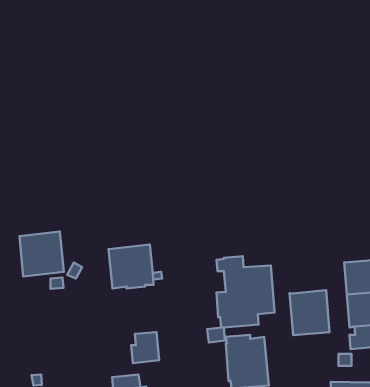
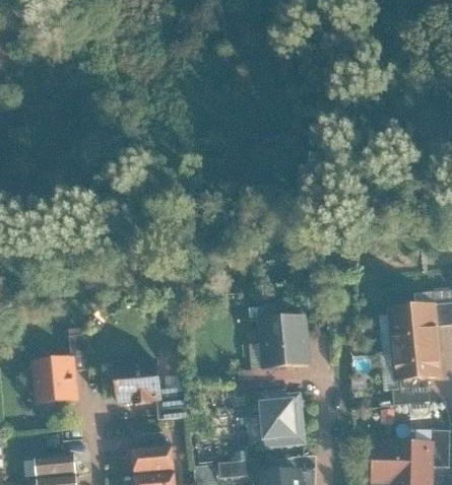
building: [20,231,64,277] -> [30,355,78,404]
building: [109,244,154,289] -> [113,356,162,404]
building: [290,290,329,335] -> none

